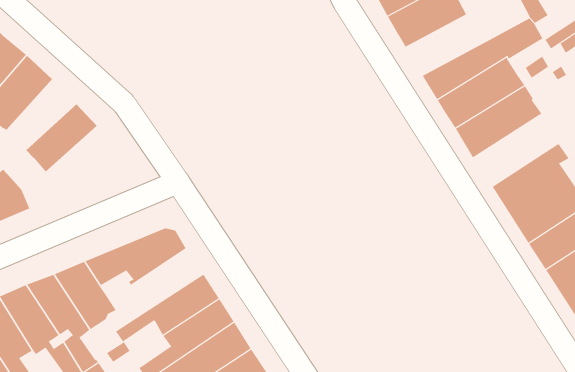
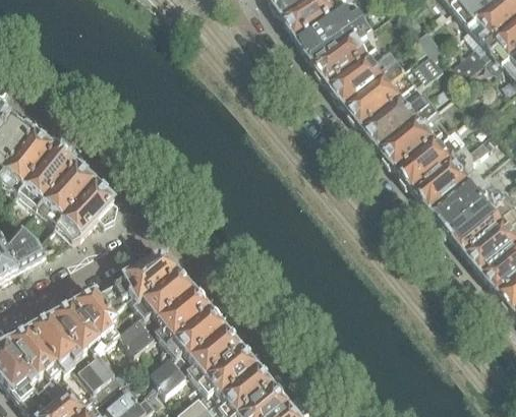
building: none -> [335,56,405,110]
building: none -> [20,147,74,207]
building: none -> [400,129,468,193]
building: none -> [55,181,118,240]
building: none -> [119,272,193,346]

